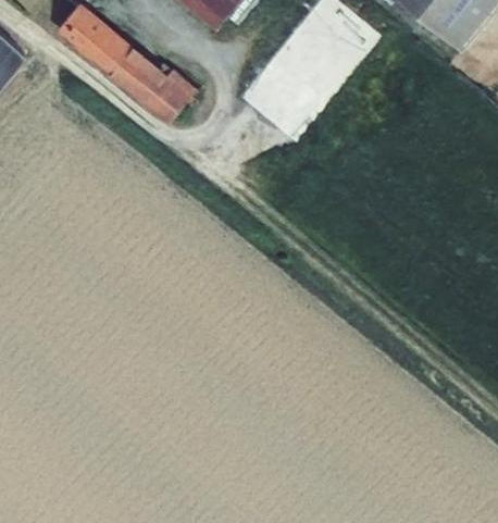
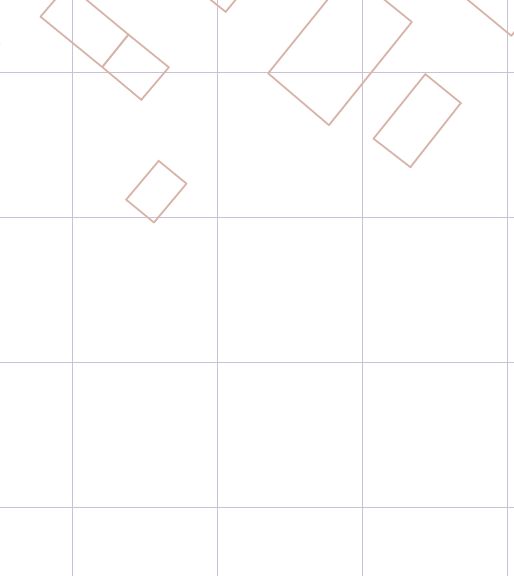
building: [142,69,195,122] -> [126,161,186,222]
building: none -> [374,74,461,167]

